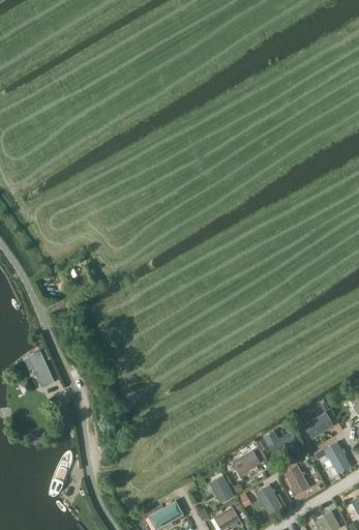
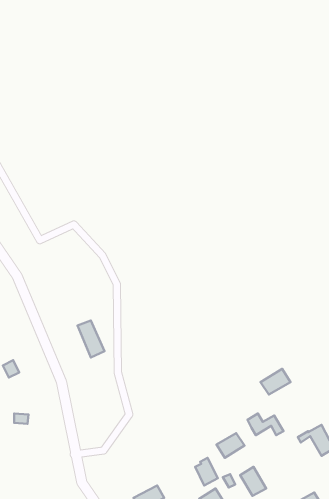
building: [27,350,54,387] -> [78,320,104,357]
building: [303,412,333,438] -> [261,369,290,395]
building: [283,465,309,494] -> none

